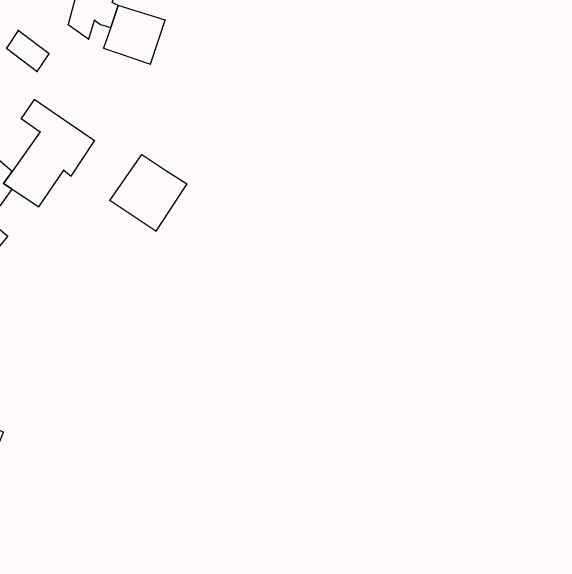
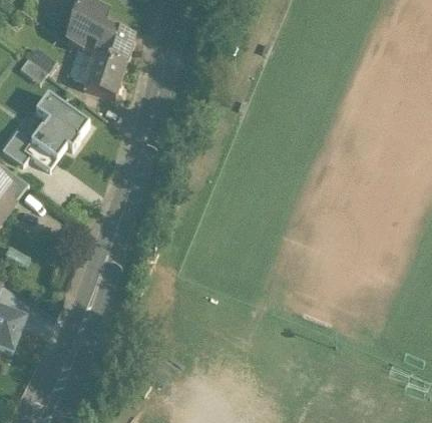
building: none -> [82,56,124,98]
building: [110,155,187,231] -> none

